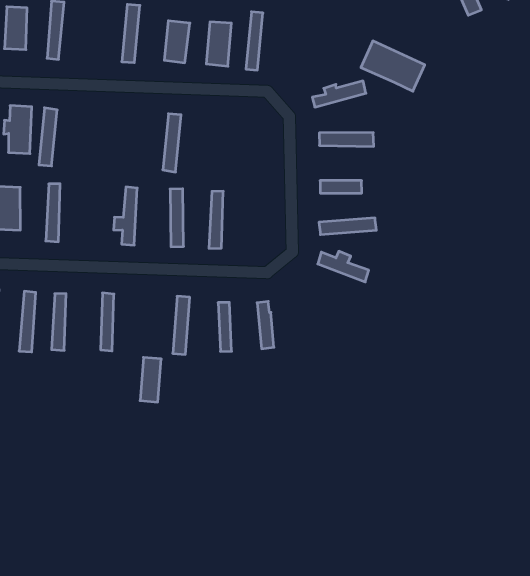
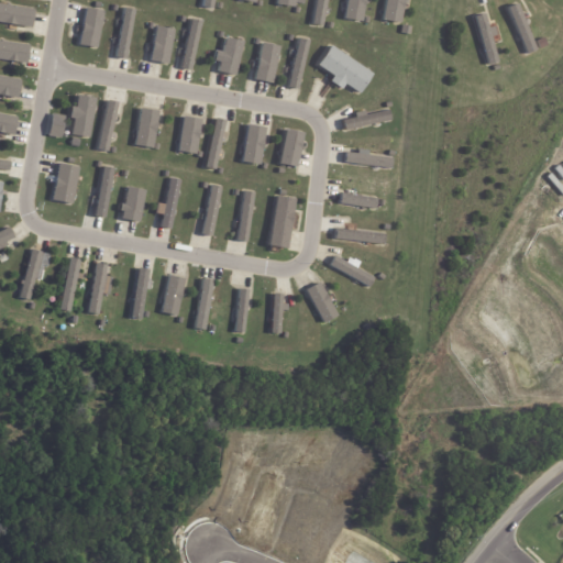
building: none -> [151,26,172,63]
building: [361,41,425,91] -> [316,45,372,93]
building: none -> [133,108,158,147]
building: none -> [177,117,199,153]
building: none -> [279,129,301,166]
building: none -> [241,124,266,164]
building: none -> [268,196,292,247]
building: none -> [120,186,145,221]
building: none -> [305,282,336,322]
building: [140,357,161,402] -> [161,275,184,316]

